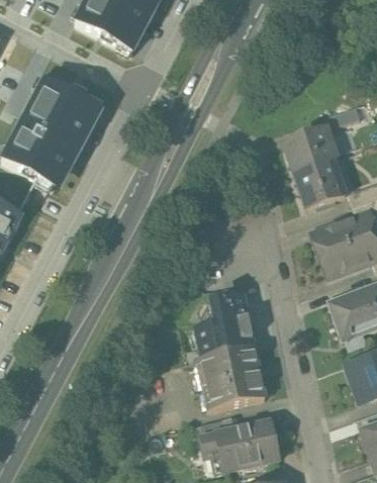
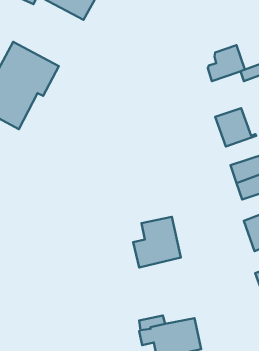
building: [290,127,336,172] -> [208,45,245,81]
building: [201,346,264,407] -> none

